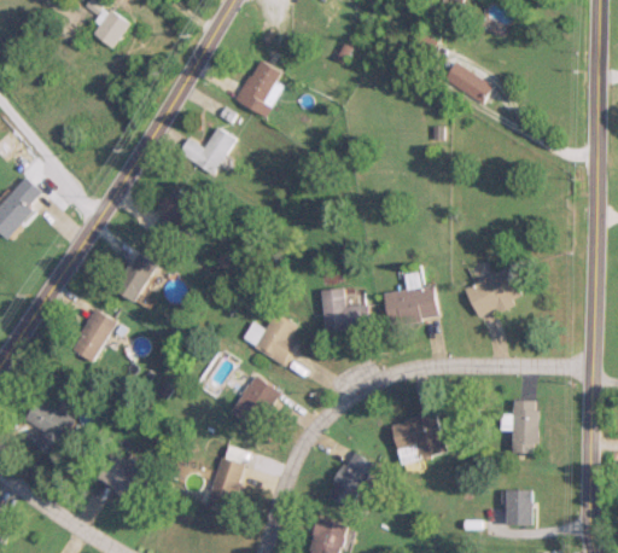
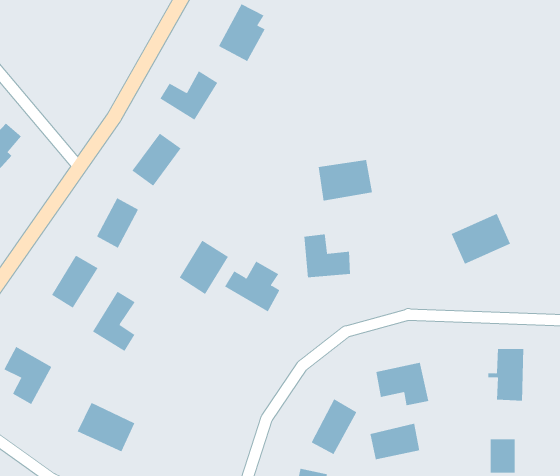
building: [445,62,494,103] -> none
building: [384,285,438,326] -> [318,160,373,201]
building: none -> [92,291,135,352]
building: [229,374,279,429] -> [179,240,229,295]
building: [206,454,245,514] -> none
building: none -> [370,423,420,460]

